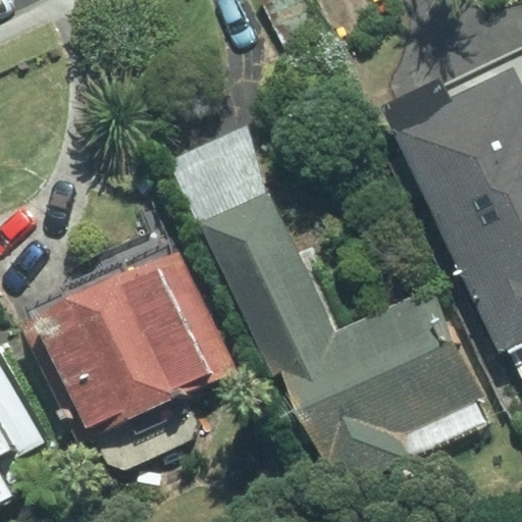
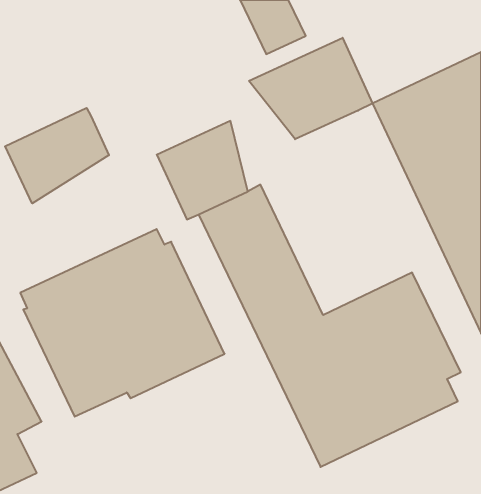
building: none -> [249,38,373,139]
building: none -> [5,108,109,203]

